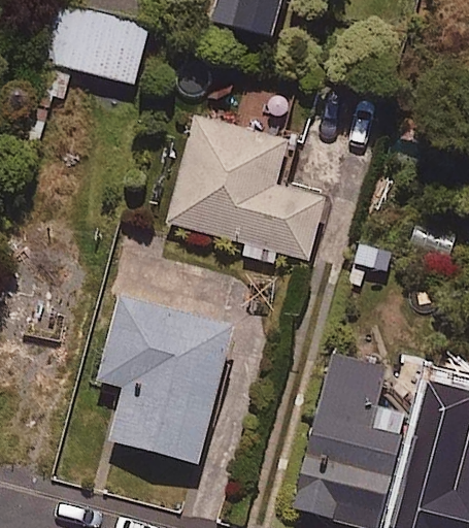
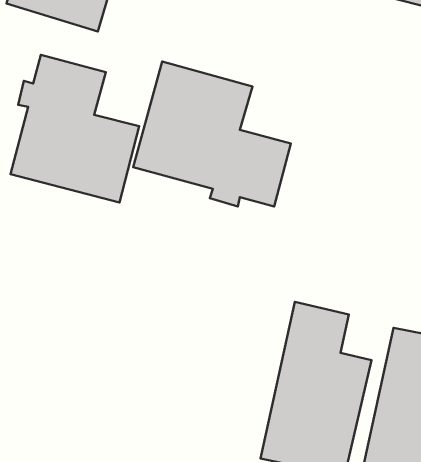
building: none -> [10,55,139,203]
building: [97,296,232,462] -> none

